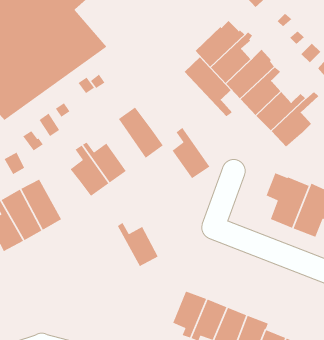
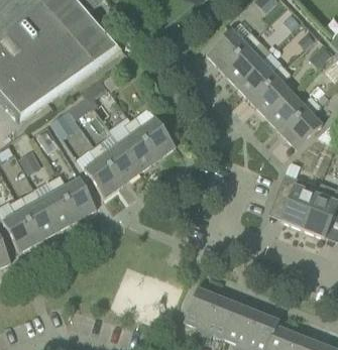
building: [184,57,233,117] -> none
building: [171,127,210,179] -> [119,120,157,171]
building: [117,222,159,267] -> [53,174,95,219]

